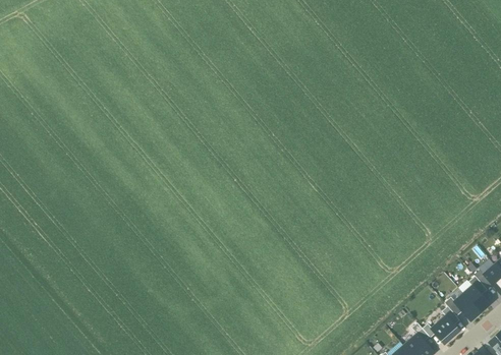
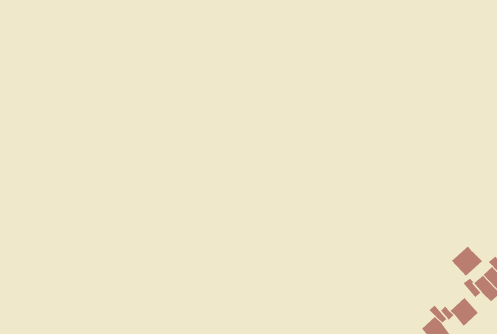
building: none -> [451,246,483,276]

